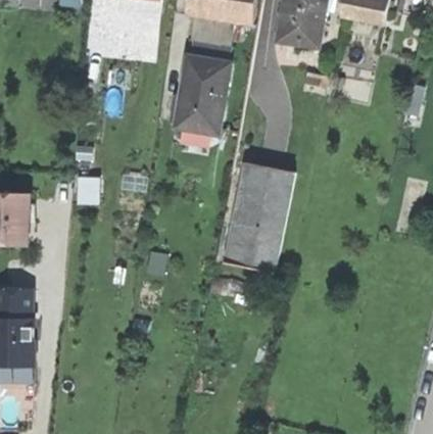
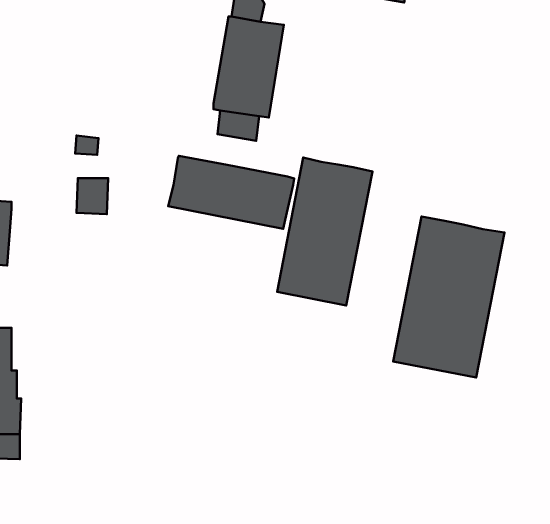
building: none -> [168,156,294,229]
building: none -> [393,217,505,377]

